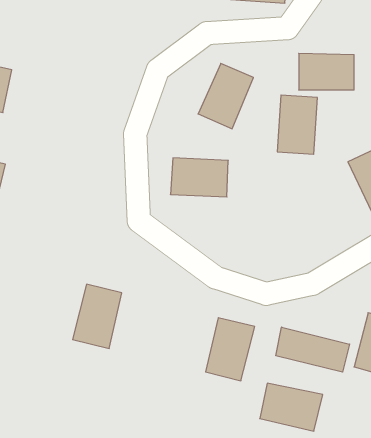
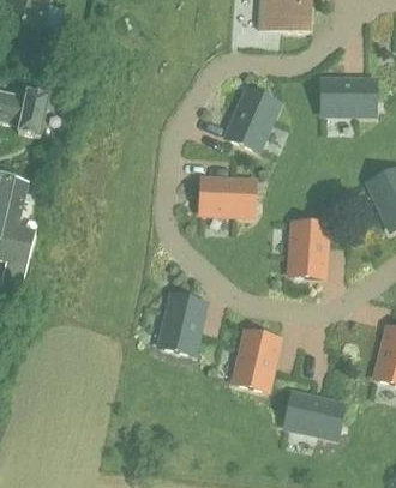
building: [277,95,317,154] -> [289,221,328,277]
building: [73,284,122,348] -> [158,293,205,354]
building: [276,327,350,372] -> none

